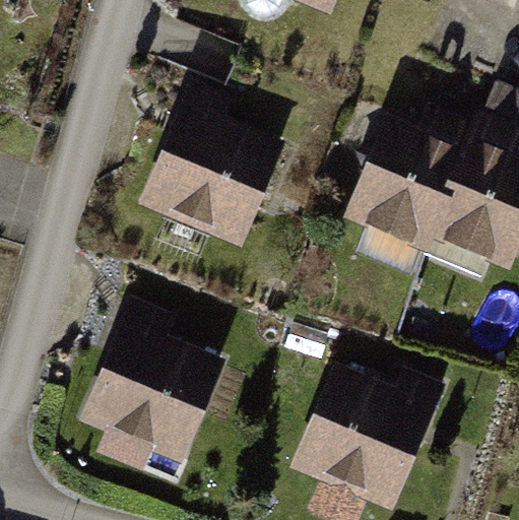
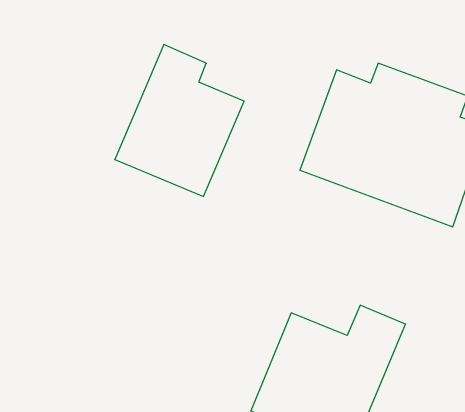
building: [77,302,216,467] -> none

